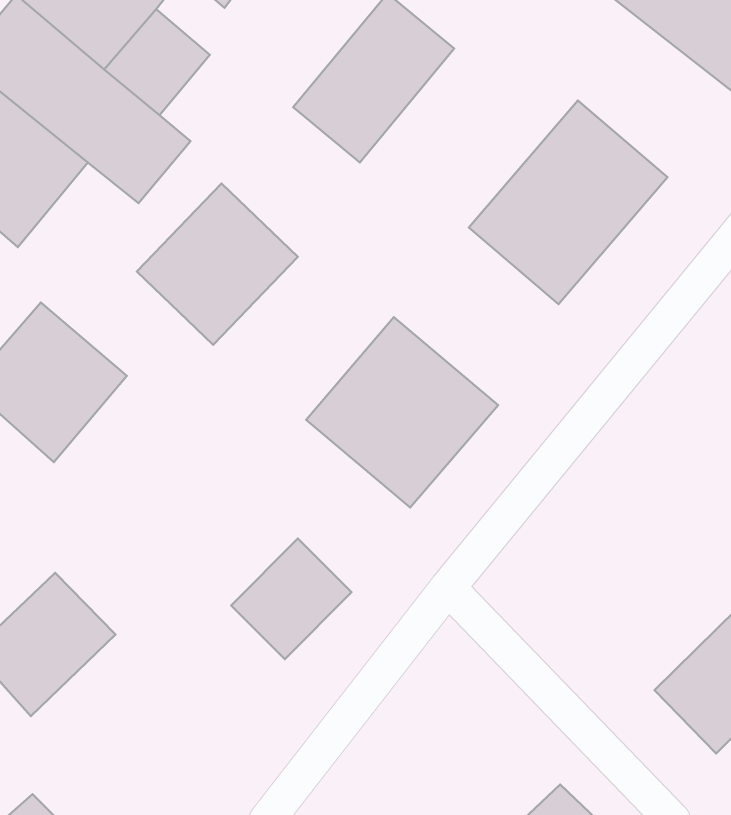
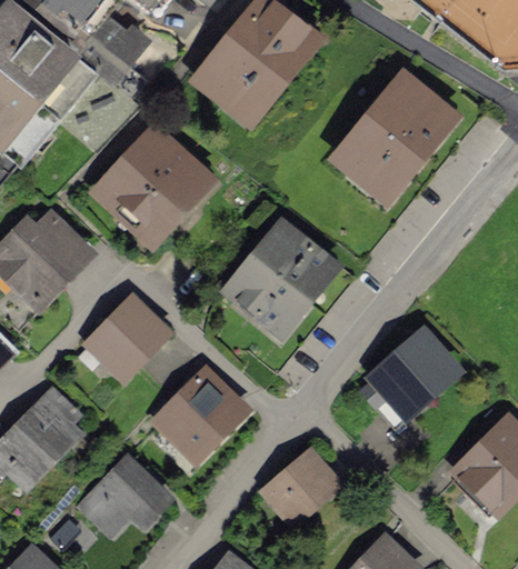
building: none -> [91,297,166,372]
building: none -> [366,331,457,419]
building: none -> [68,450,167,549]
building: none -> [273,453,336,513]

